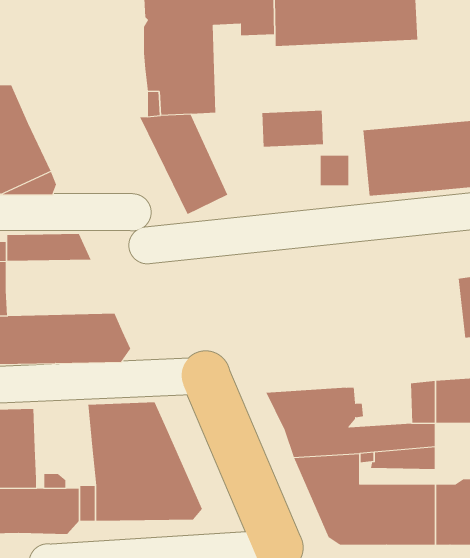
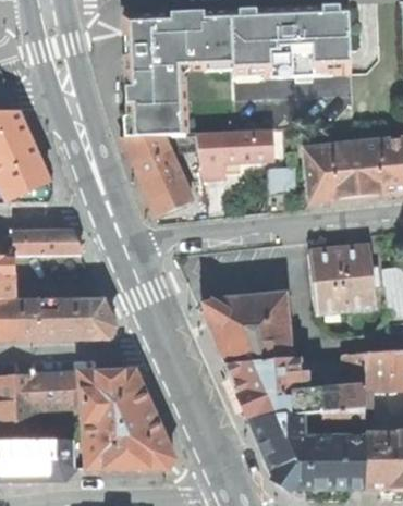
building: none -> [197,132,222,176]
building: none -> [309,244,377,310]
building: none -> [202,292,291,361]
building: none -> [35,371,82,407]

